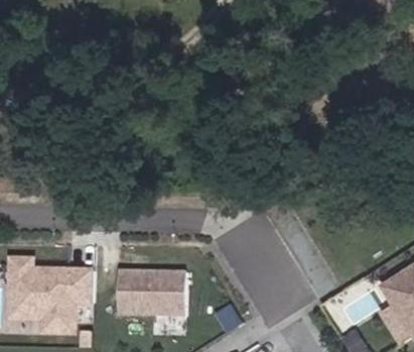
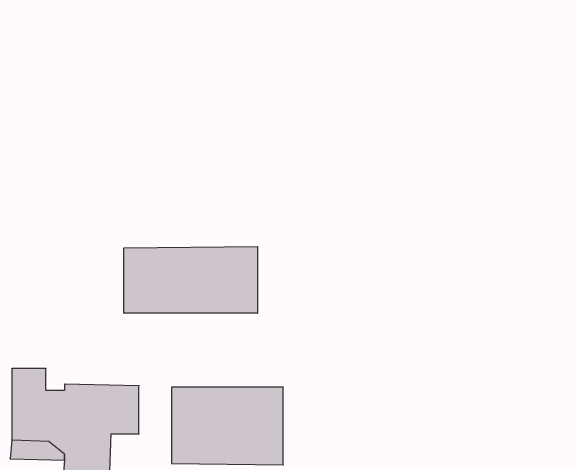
building: none -> [124,247,257,313]

